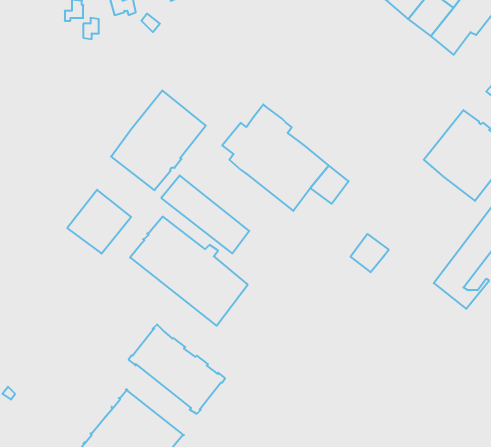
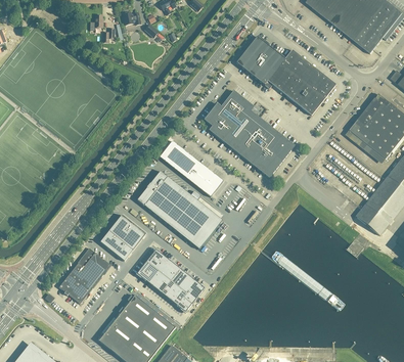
building: none -> [235,35,334,115]
building: [111,90,206,190] -> none
building: [67,190,131,254] -> [99,214,145,260]
building: [351,234,389,272] -> [254,149,281,177]
building: none -> [58,246,109,303]

